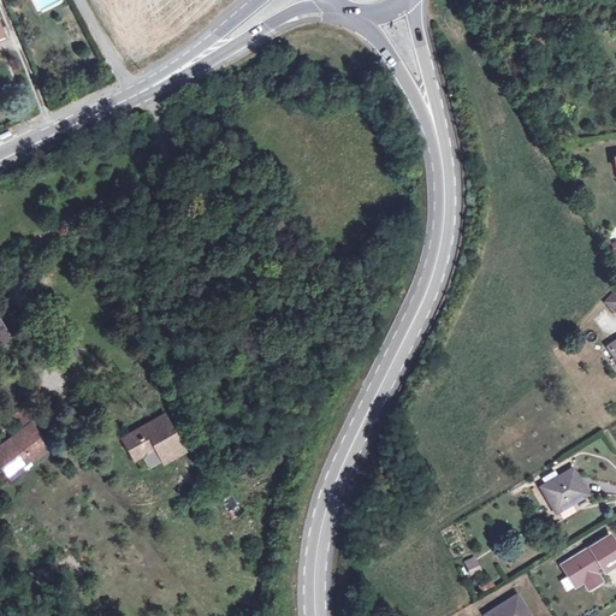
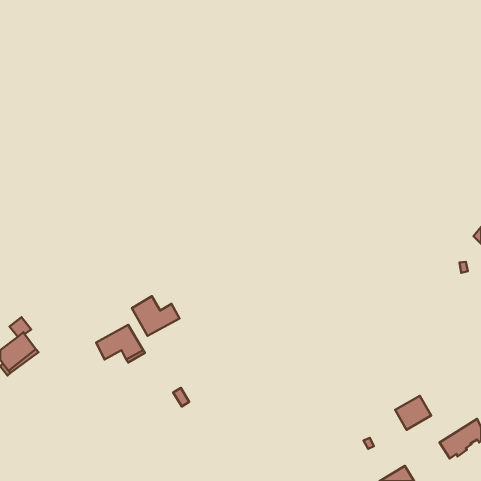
building: none -> [132,296,180,336]
building: [541,469,587,513] -> [395,396,431,430]

